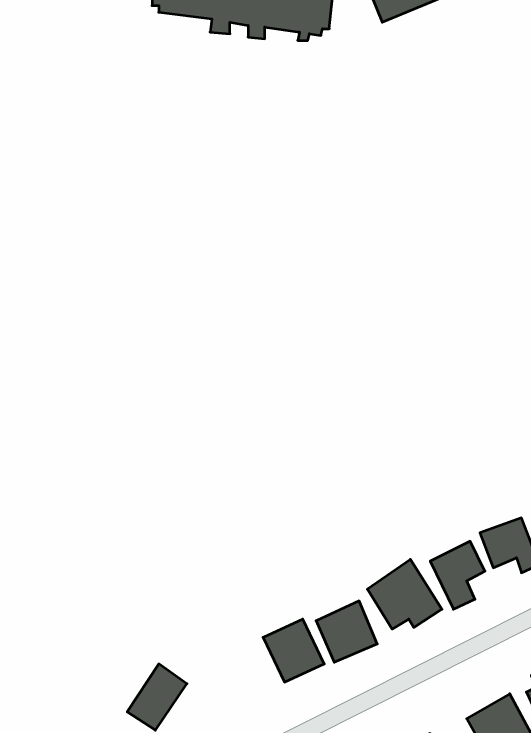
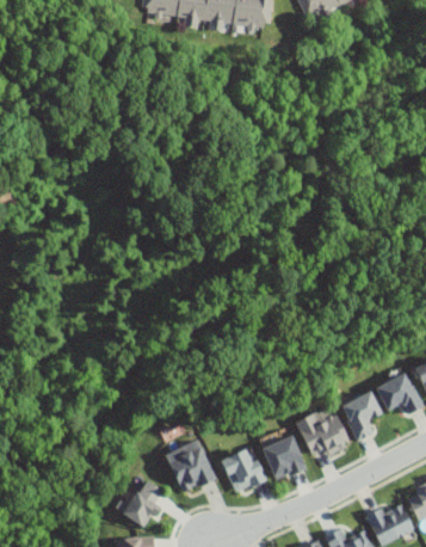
building: none -> [166,440,215,492]

